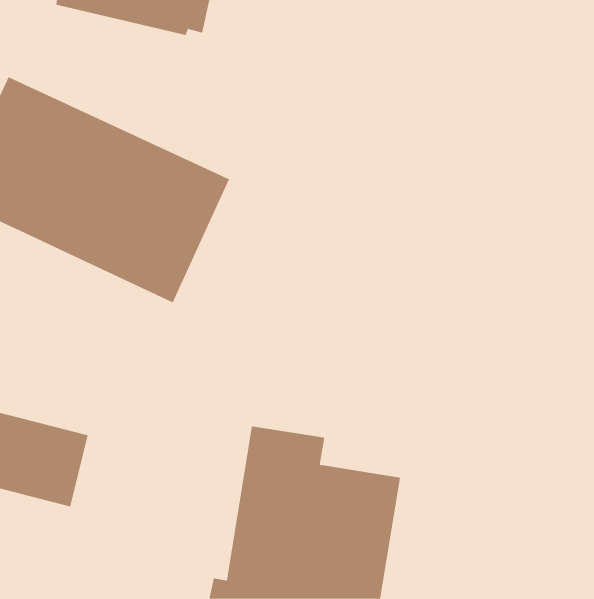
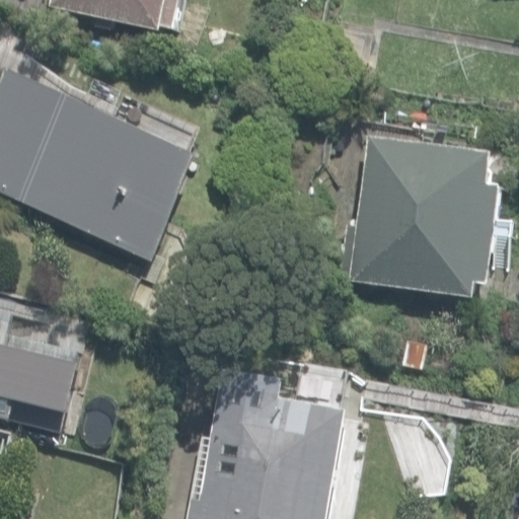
building: none -> [337,134,500,296]

